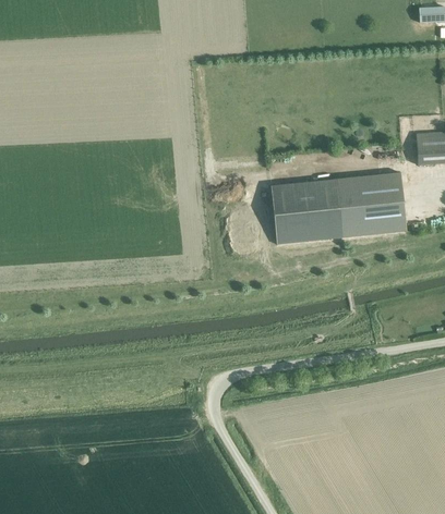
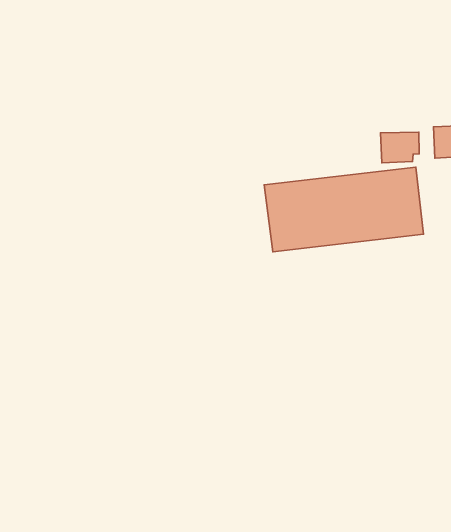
building: none -> [380,132,419,163]

